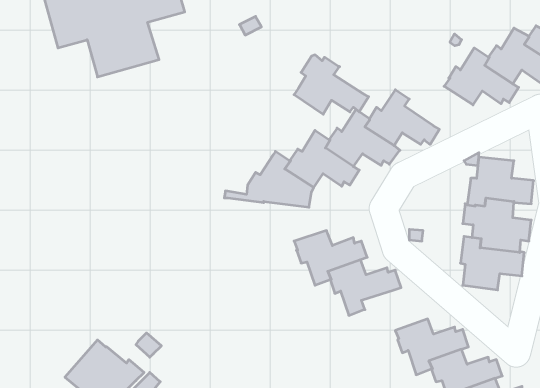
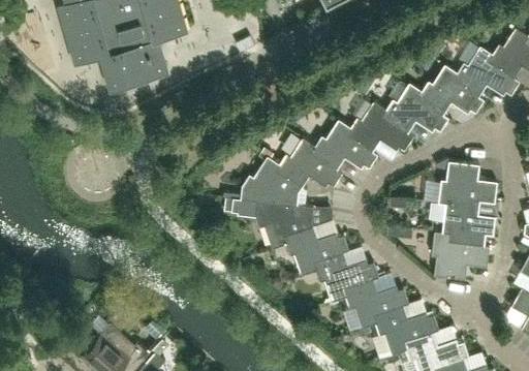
building: [294,55,369,114] -> [382,83,448,135]
building: none -> [223,199,314,251]
building: none -> [344,281,409,330]

